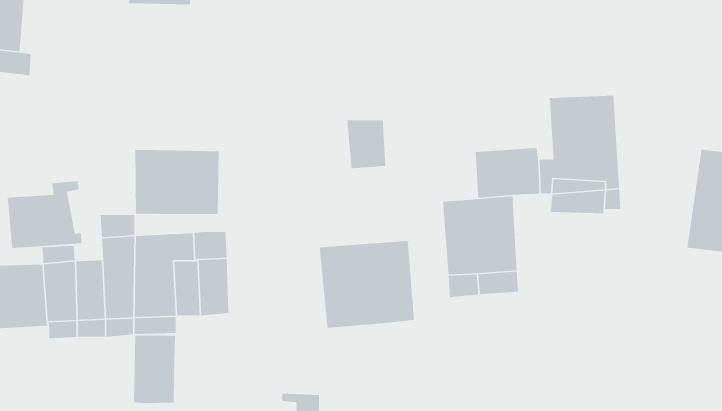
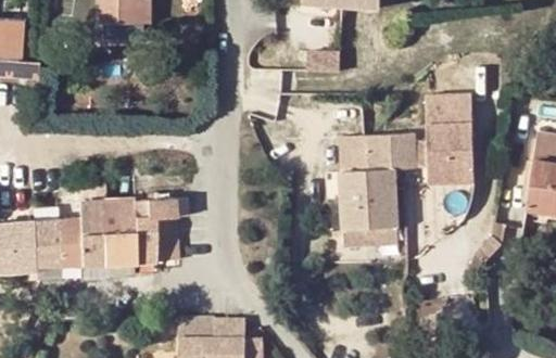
building: [347,120,386,169] -> [336,136,366,174]
building: [135,149,220,215] -> none
building: [7,180,82,249] -> none
building: [319,240,415,329] -> none
building: [133,335,176,404] -> none

